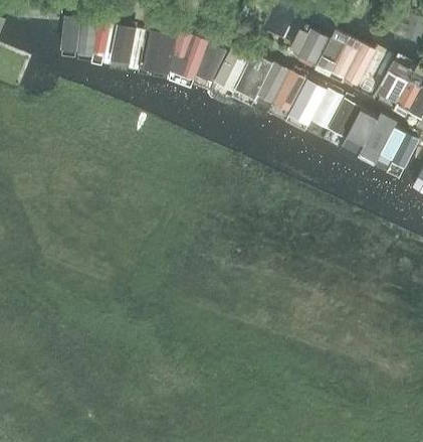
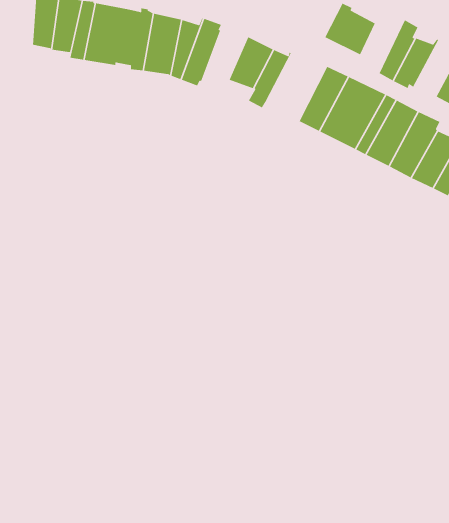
building: [315,26,352,77] -> none
building: [194,43,230,90] -> none
building: [244,60,291,114] -> none

